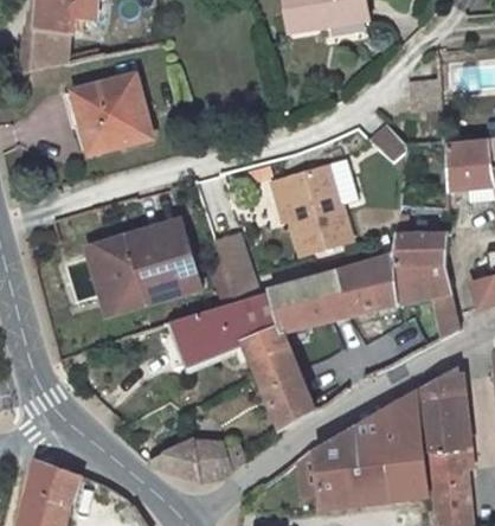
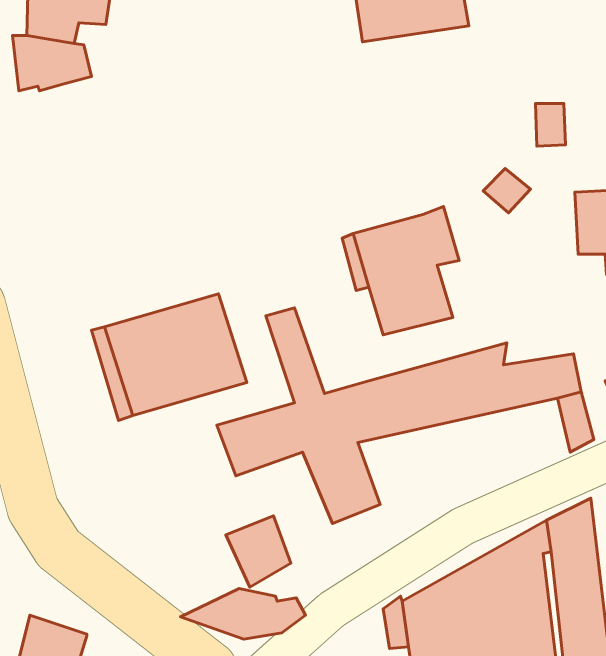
building: [84,71,162,148] -> none
building: [391,226,443,274] -> none
building: [263,378,311,431] -> [226,516,291,587]

